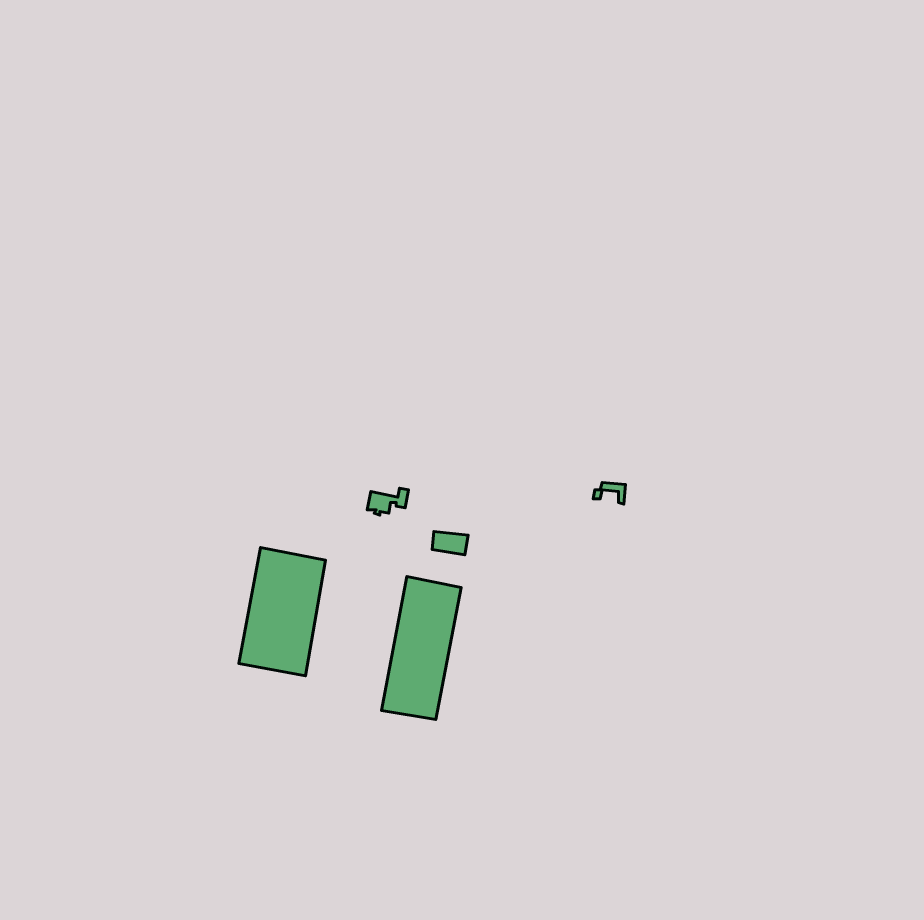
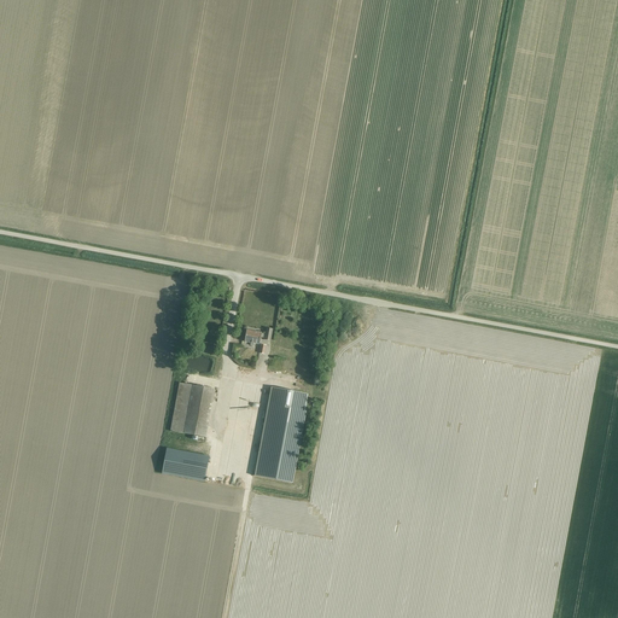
building: none -> [163,448,209,478]

